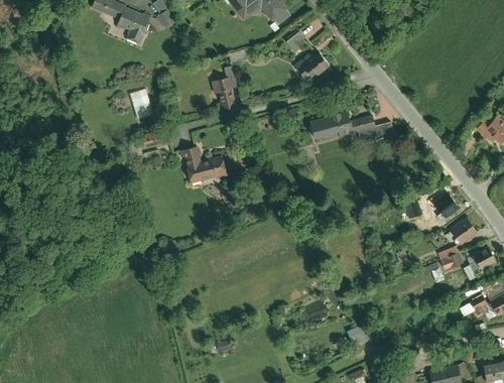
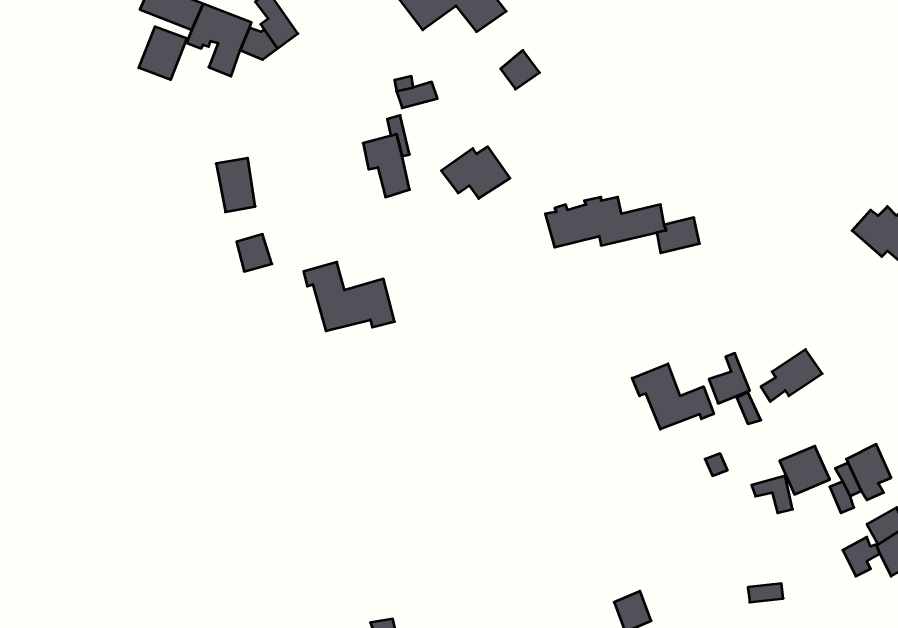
building: none -> [139,27,187,80]
building: [292,50,330,79] -> [441,147,510,199]
building: none -> [632,364,714,429]
building: [450,217,478,245] -> none

